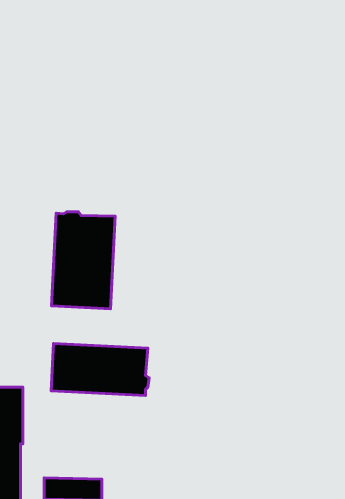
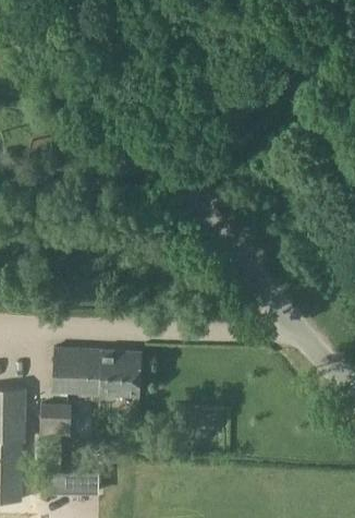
building: [52,212,115,309] -> none
building: none -> [41,403,72,434]

